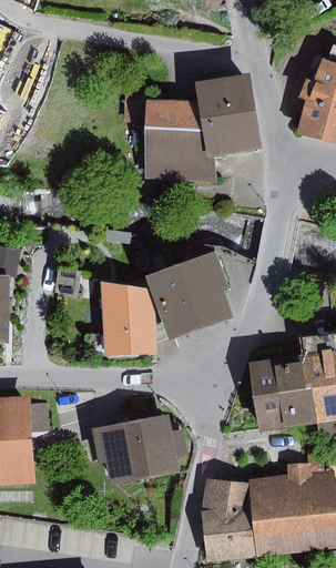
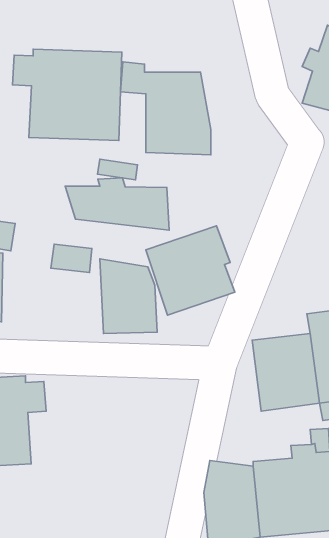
building: [194,73,261,158] -> none
building: none -> [12,49,122,141]
building: none -> [65,178,169,230]
building: [90,415,186,484] -> none

